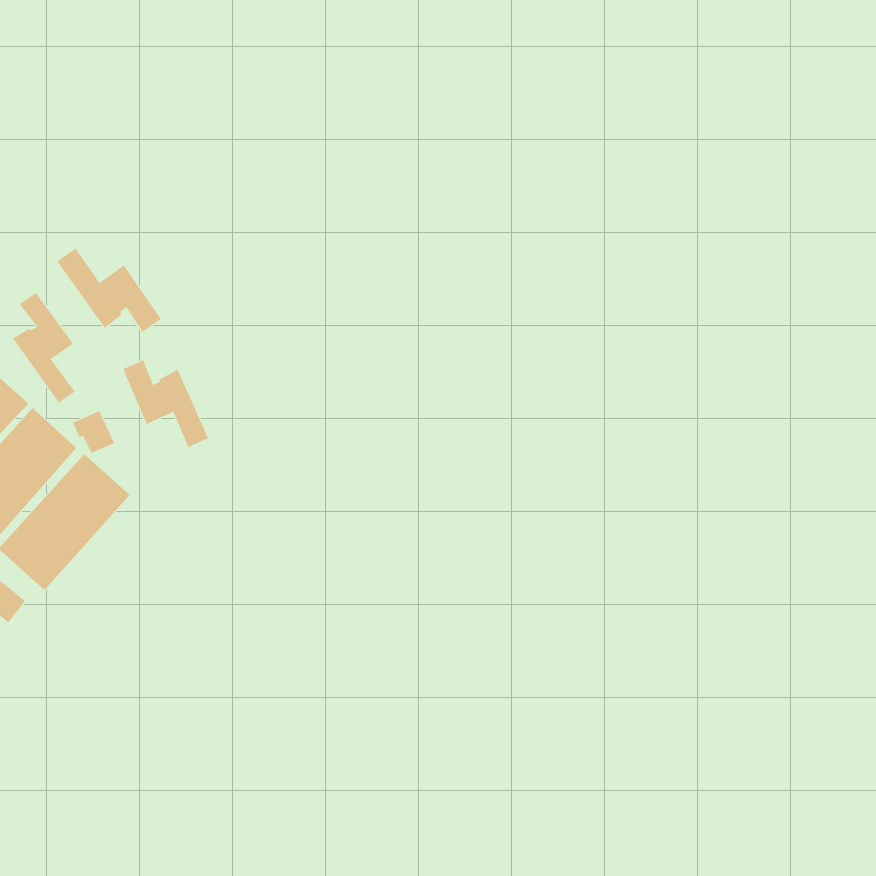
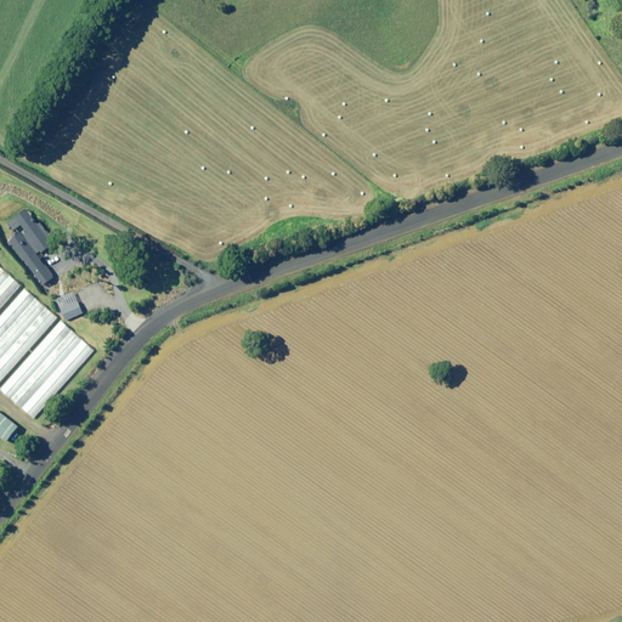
building: [57,247,161,333] -> none
building: [123,359,209,448] -> none

